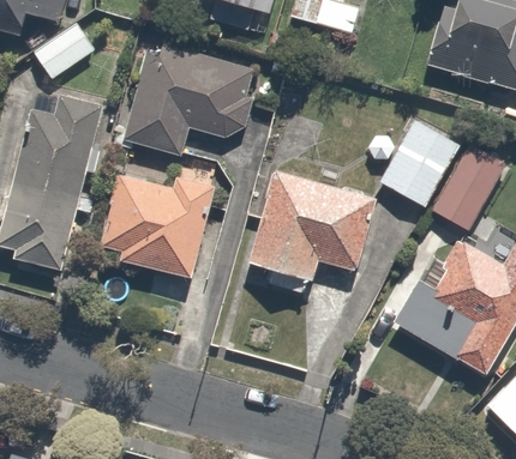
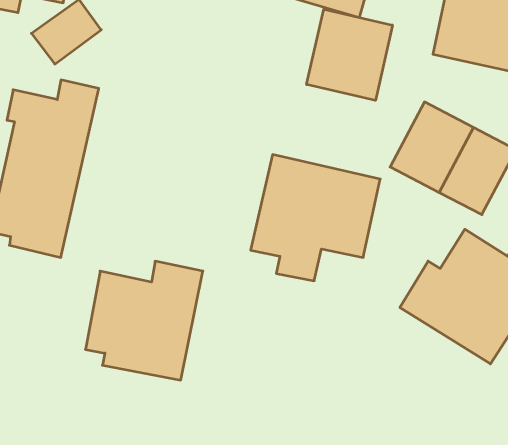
building: none -> [307,9,392,100]
building: [126,47,264,152] -> none
building: [102,158,217,274] -> [85,261,203,380]

